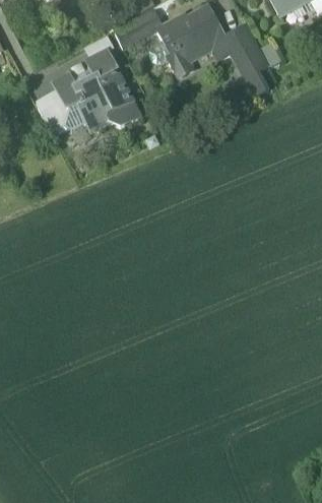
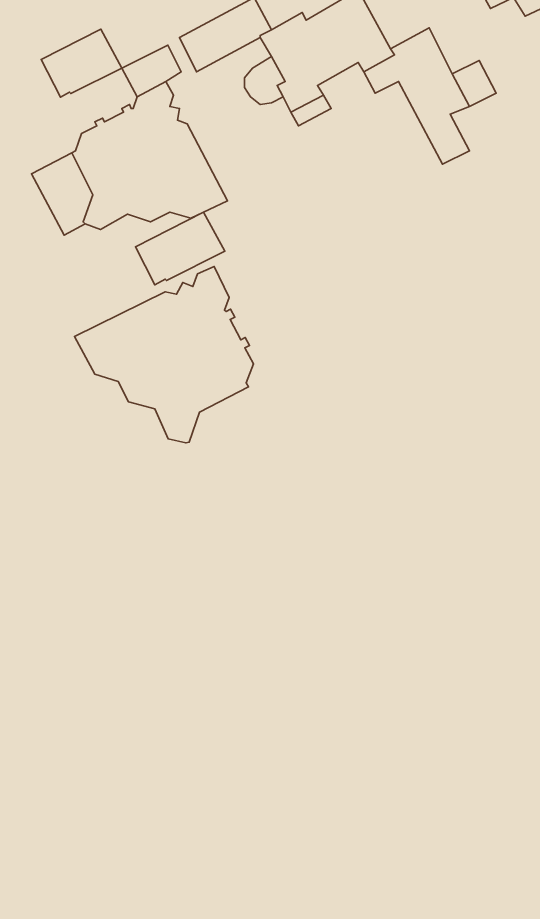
building: none -> [41,29,122,97]
building: none -> [135,212,225,285]
building: none -> [74,266,253,443]

